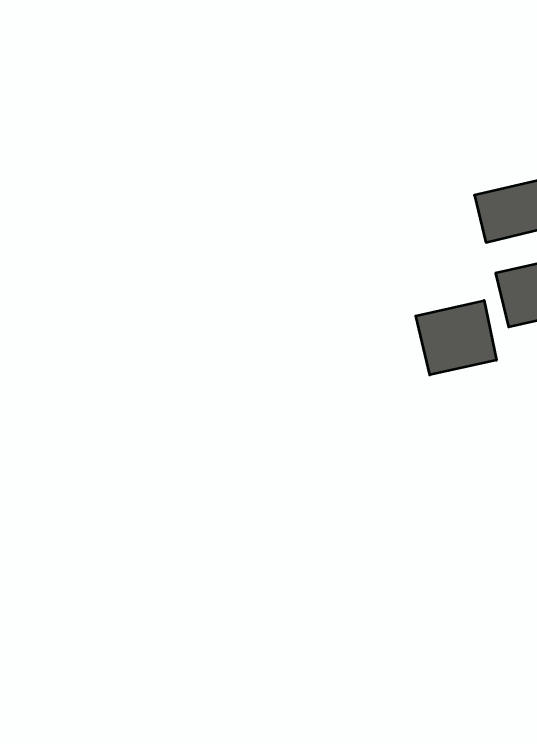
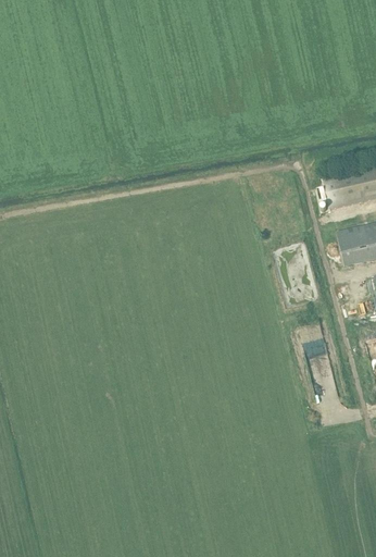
building: [416,300,496,375] -> none

